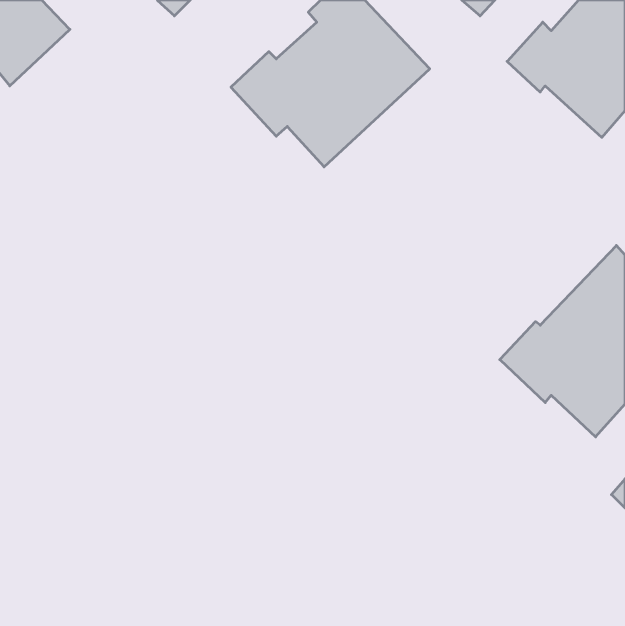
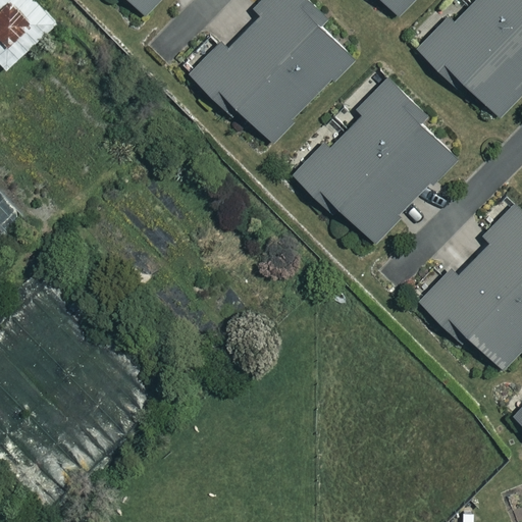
building: none -> [294,85,458,240]

